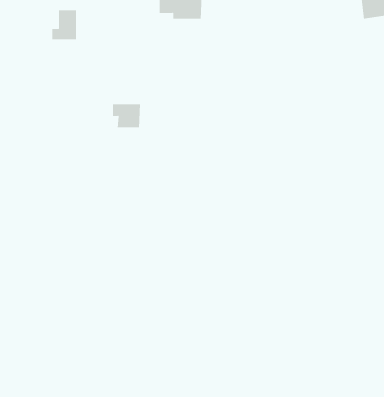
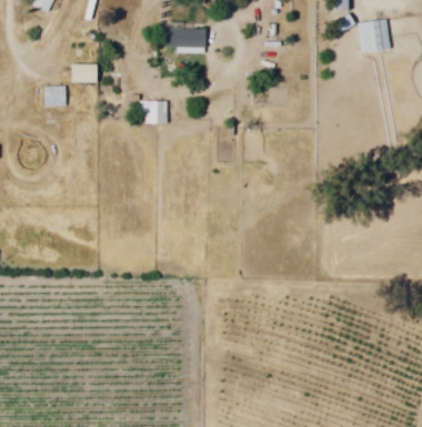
building: none -> [43,87,67,106]
building: [112,104,141,128] -> [141,101,169,124]

